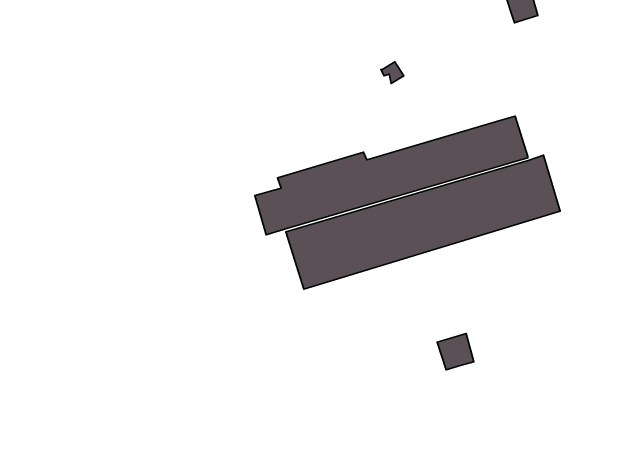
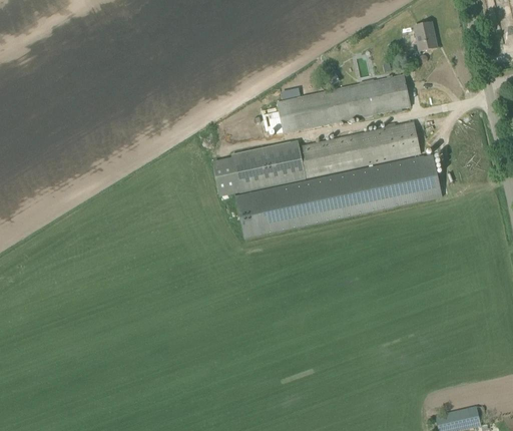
building: none -> [277,74,411,133]
building: [437,333,474,370] -> none

